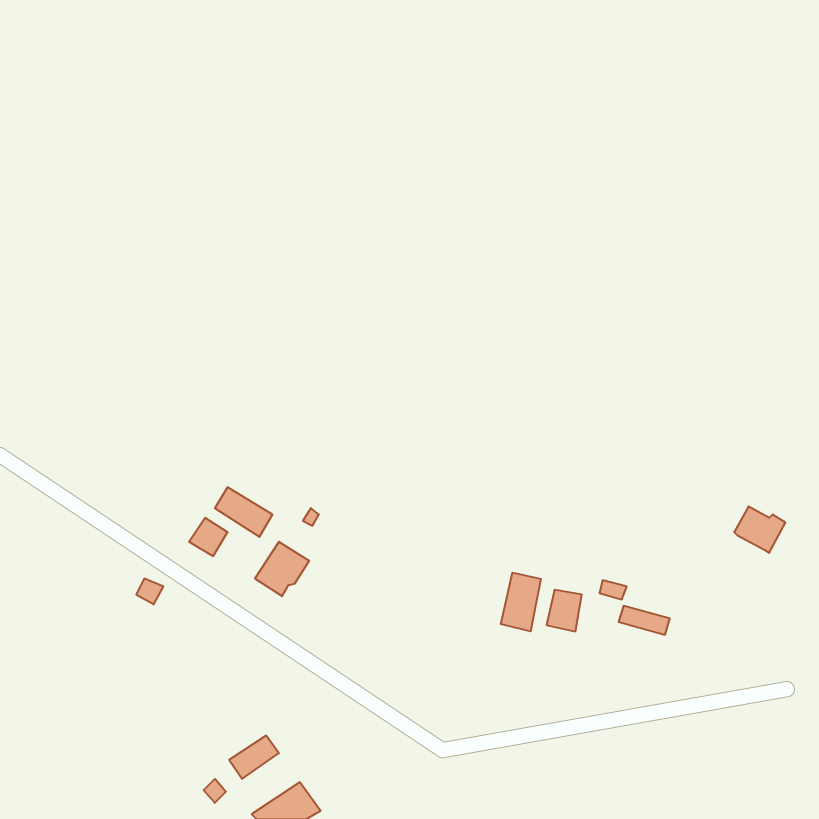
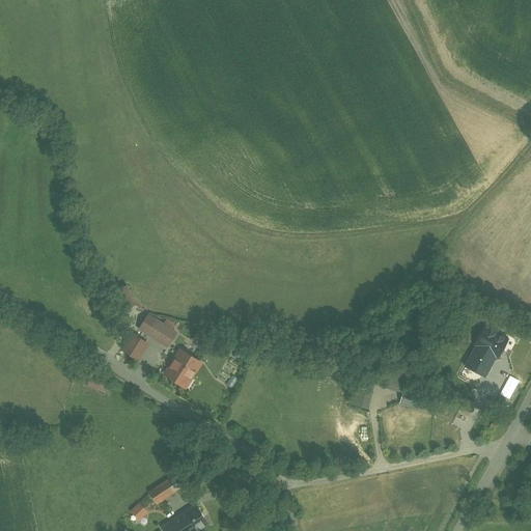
building: none -> [467,346,495,376]
building: [501,573,541,631] -> none

